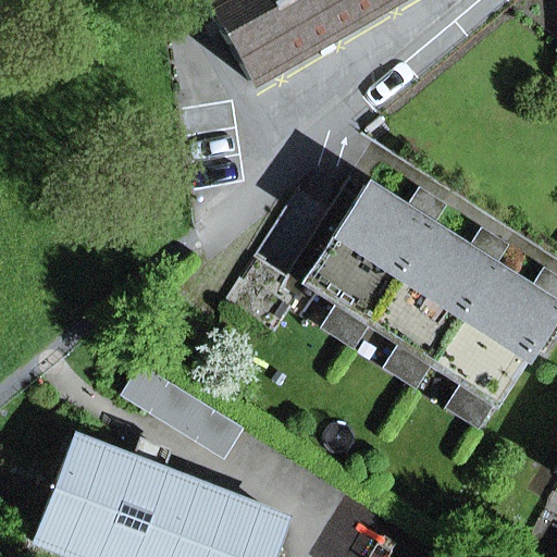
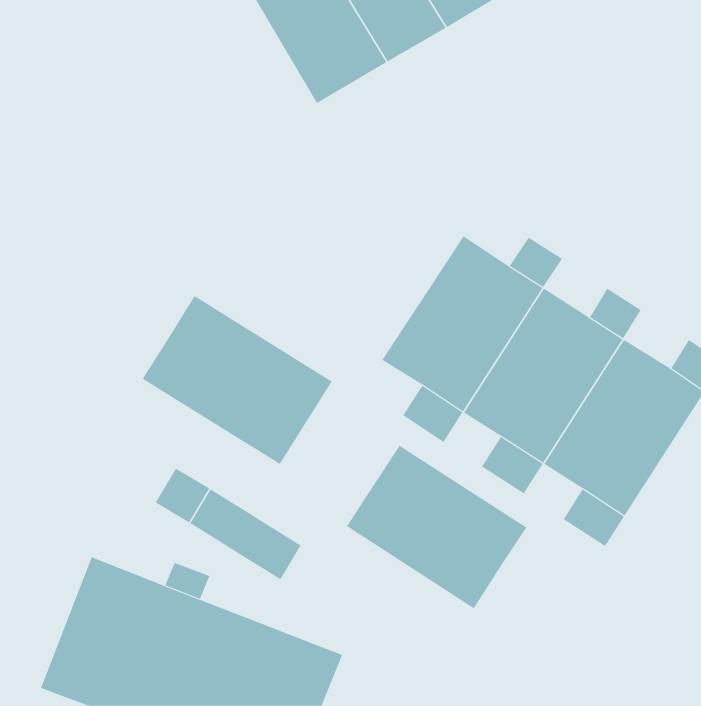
building: none -> [142,295,332,465]
building: none -> [346,445,527,609]

